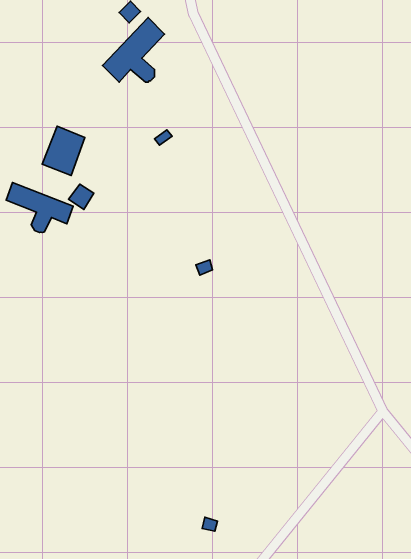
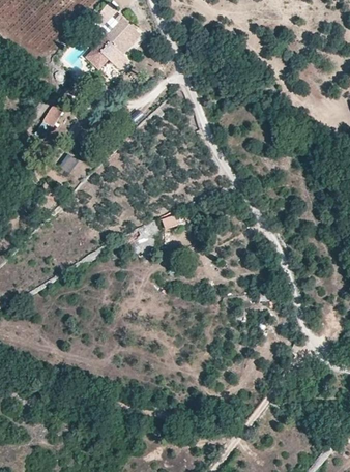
building: [6,183,73,233] -> none

